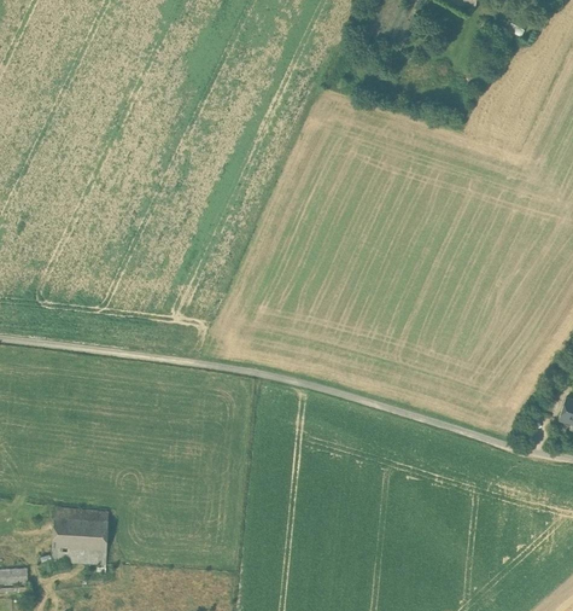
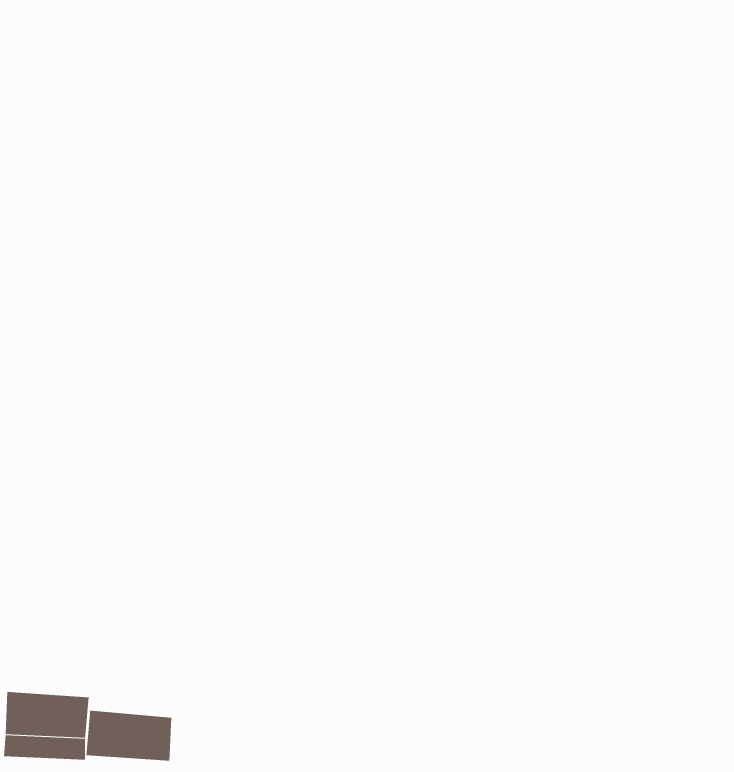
building: none -> [86,710,172,761]

